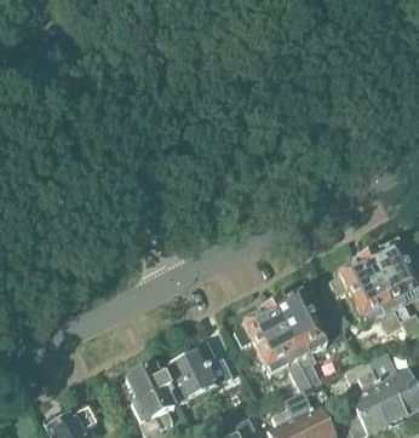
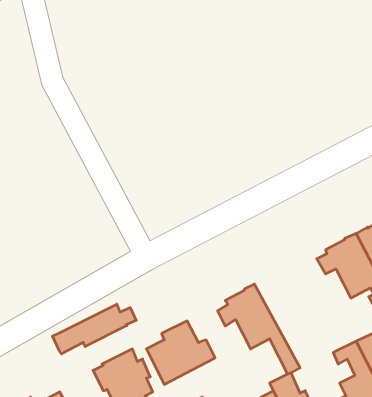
building: [271,289,328,385] -> none
building: none -> [52,304,136,354]

